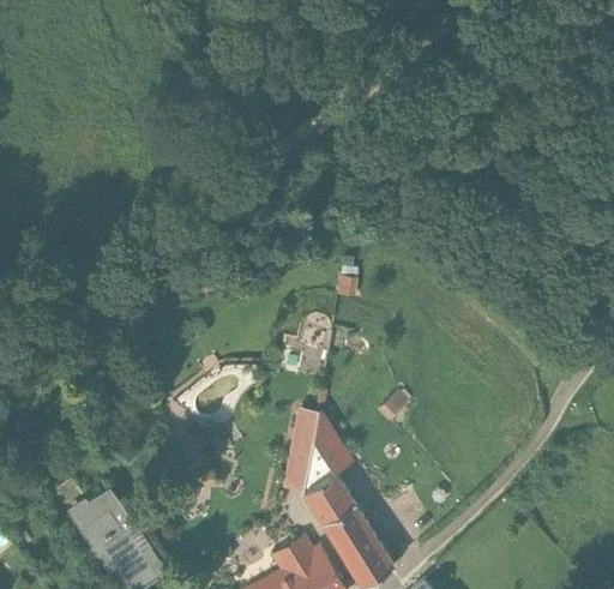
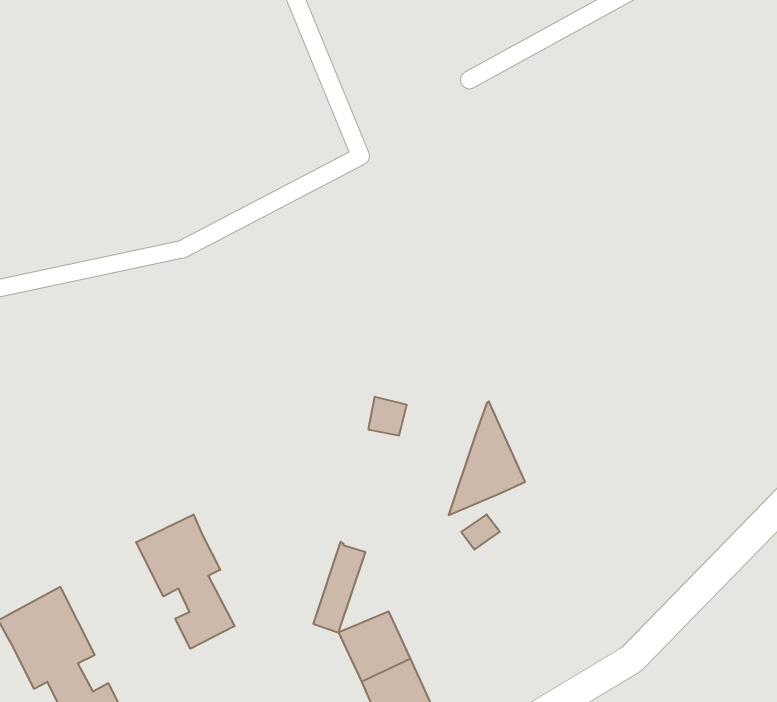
building: [301,409,350,491] -> [449,401,525,515]
building: none -> [136,514,235,649]

